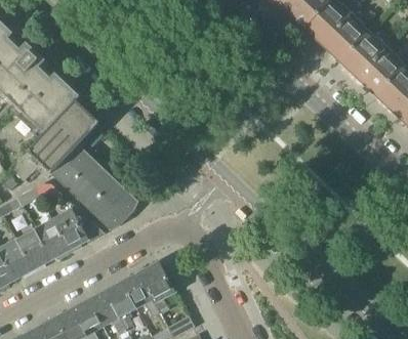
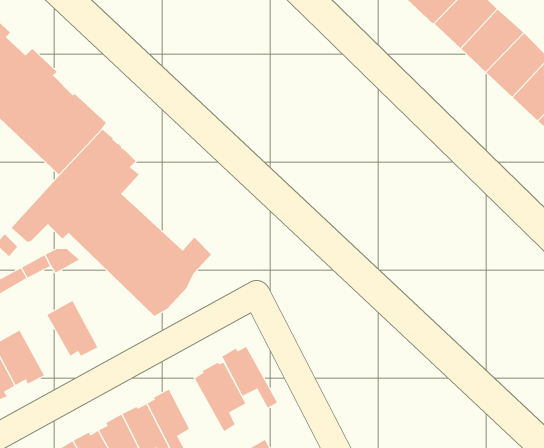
building: [54,207,104,252] -> none
building: [17,229,52,271] -> none
building: [121,273,160,316] -> [221,346,278,408]

